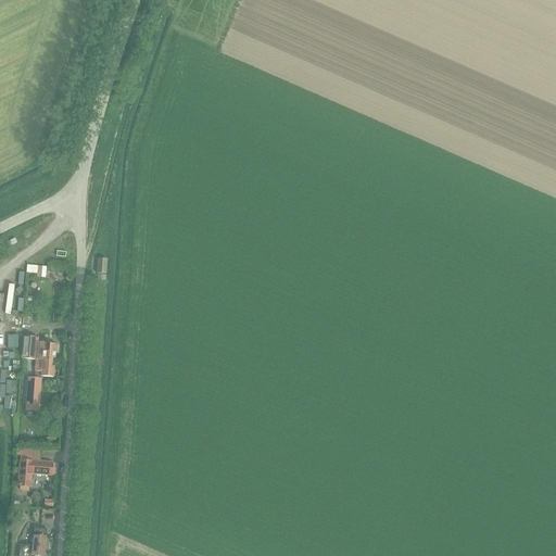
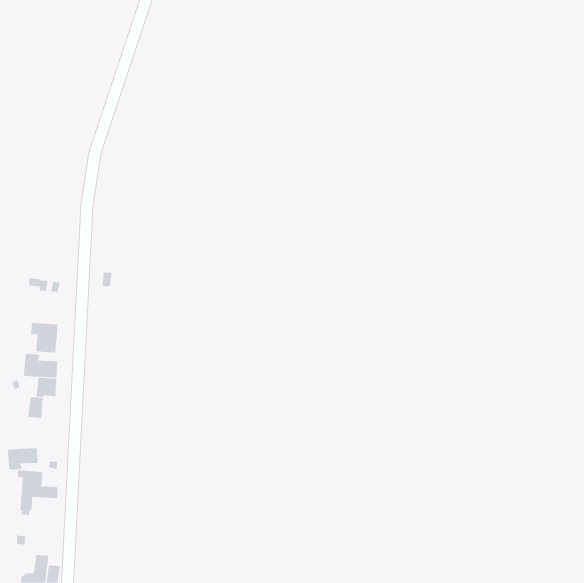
building: none -> [30,322,58,354]
building: none -> [7,447,38,470]

